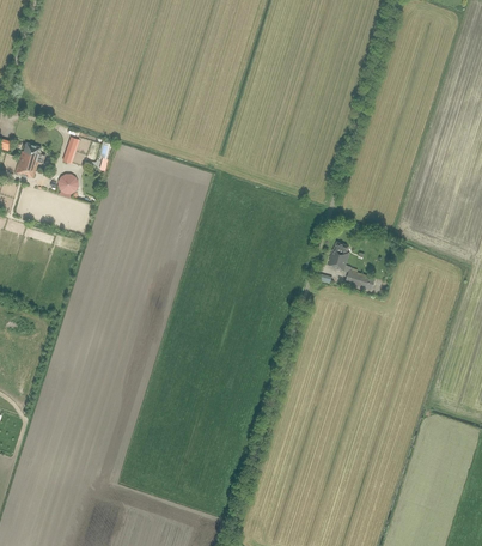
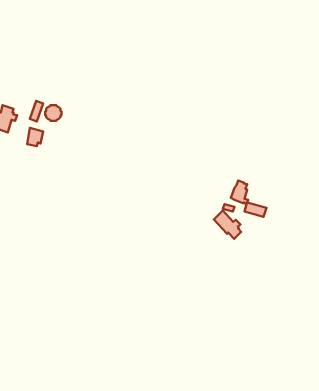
building: none -> [214,211,241,239]

